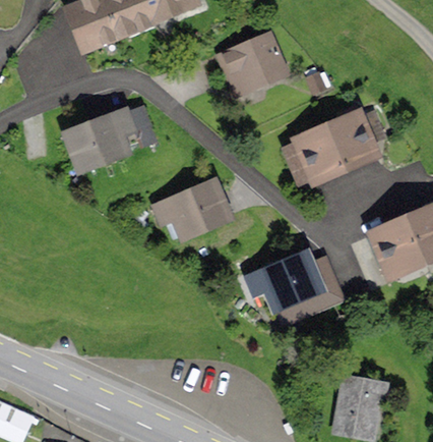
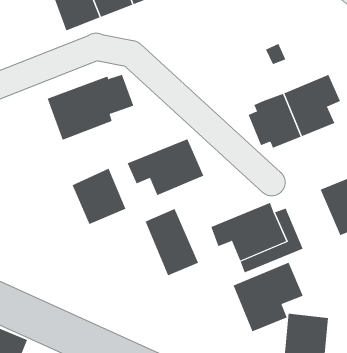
building: [219,29,290,95] -> none
building: none -> [72,168,126,225]
building: none -> [145,208,199,276]
building: none -> [233,262,304,332]

